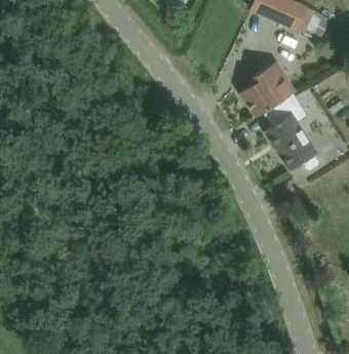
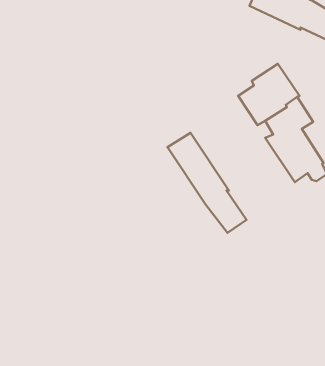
building: none -> [167,133,247,233]

